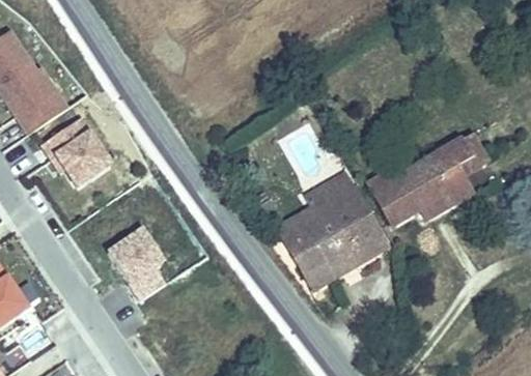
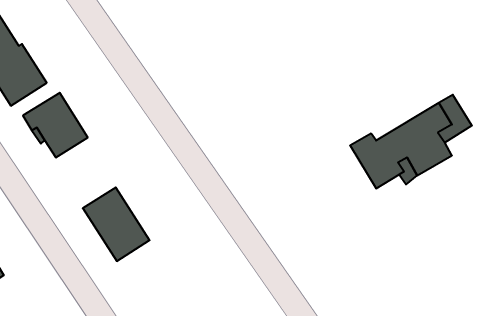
building: [279,173,403,281] -> none

